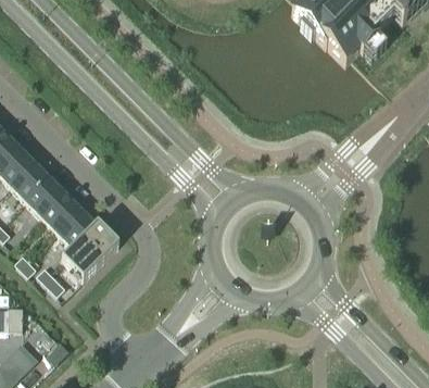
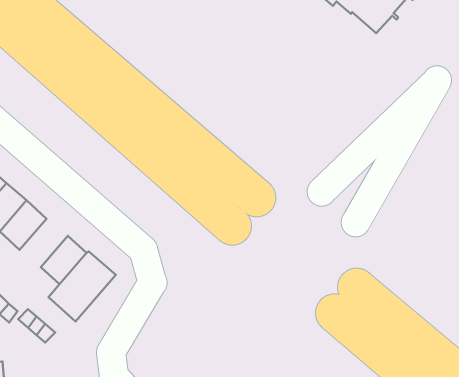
building: [40,192,80,231] -> none

